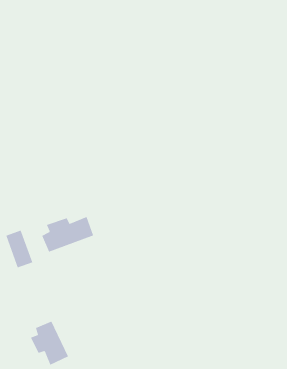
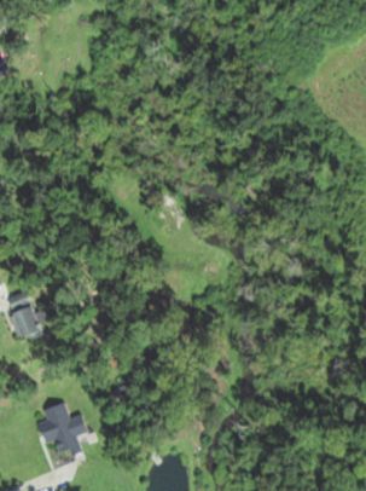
building: [41,216,94,252] -> none

